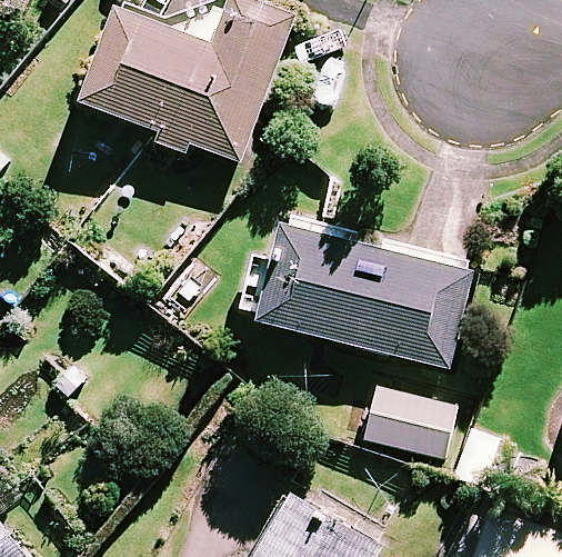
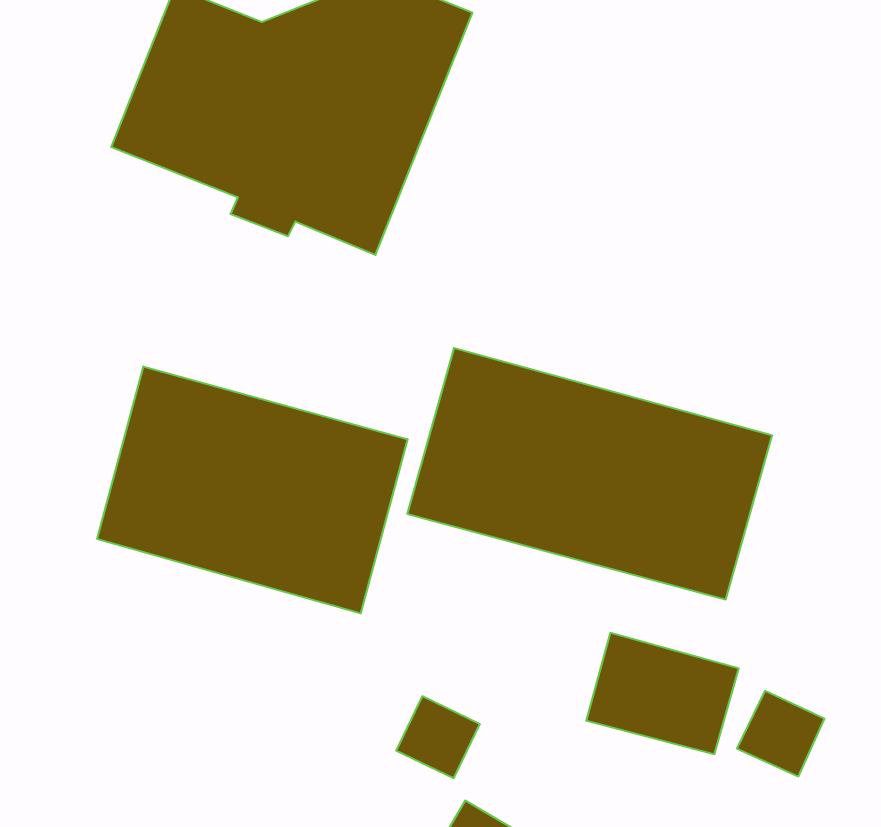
building: none -> [97,366,408,613]

